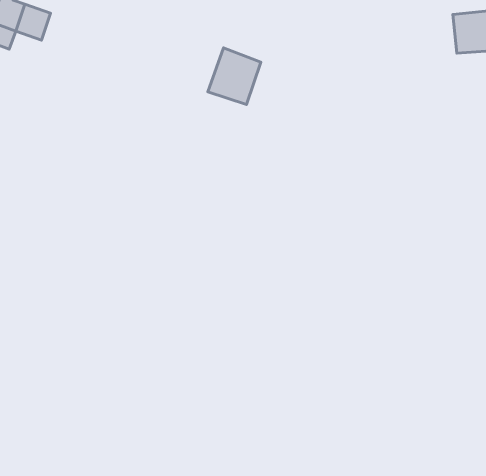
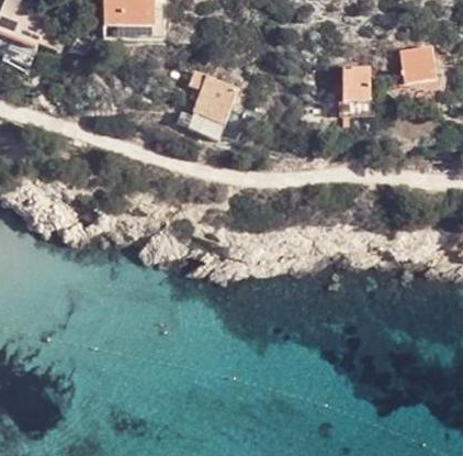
building: none -> [341,63,371,99]

